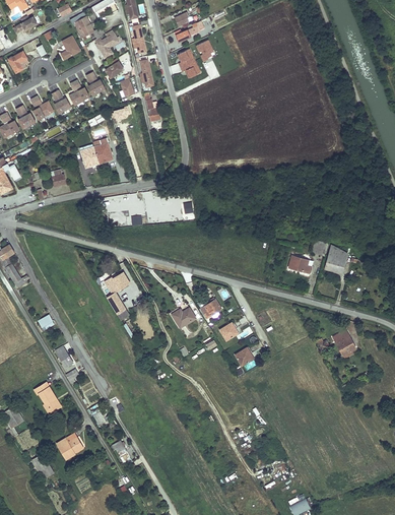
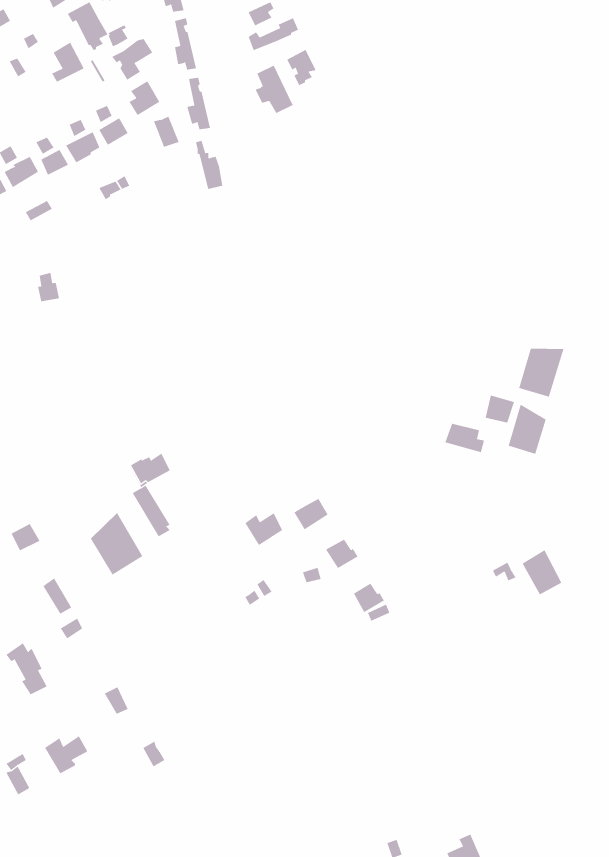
building: [80,138,114,168] -> none
building: none -> [518,348,564,397]
building: none -> [90,512,143,575]

